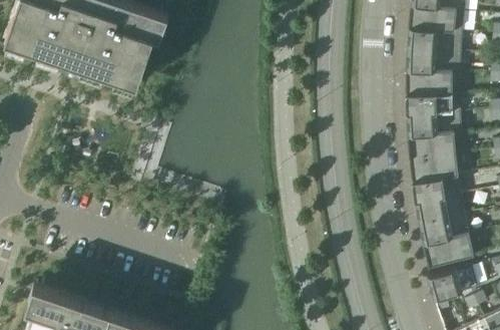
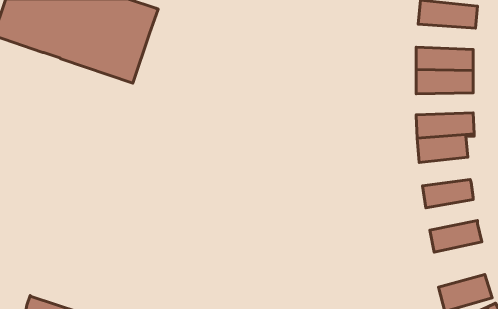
building: [408,28,464,52] -> none
building: [408,93,462,114] -> none
building: [411,154,459,182] -> none
building: [417,195,466,224] -> none
building: [425,235,475,268] -> none

